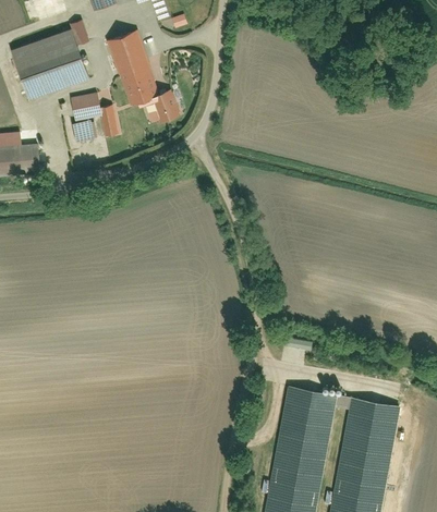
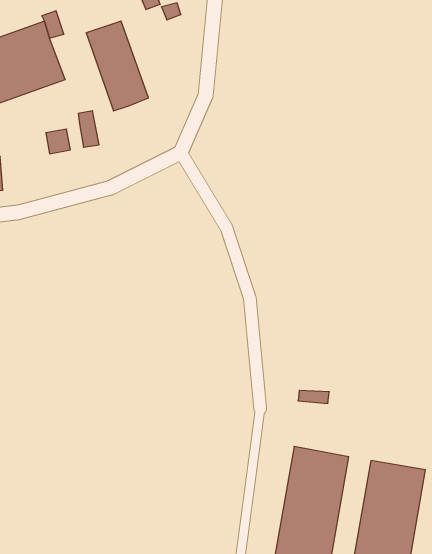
building: [147,90,183,121] -> none
building: [75,94,106,120] -> none

